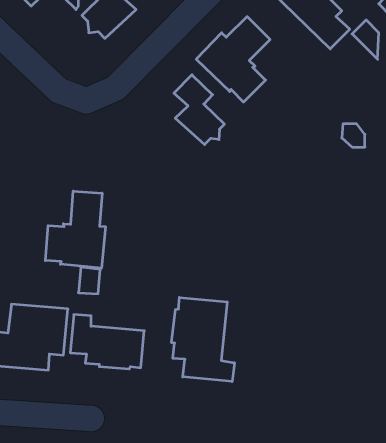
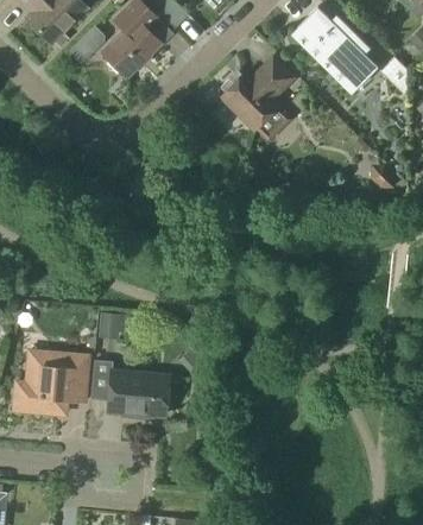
building: [174,75,224,145] -> none
building: [45,191,105,268] -> none
building: [172,297,234,382] -> none

